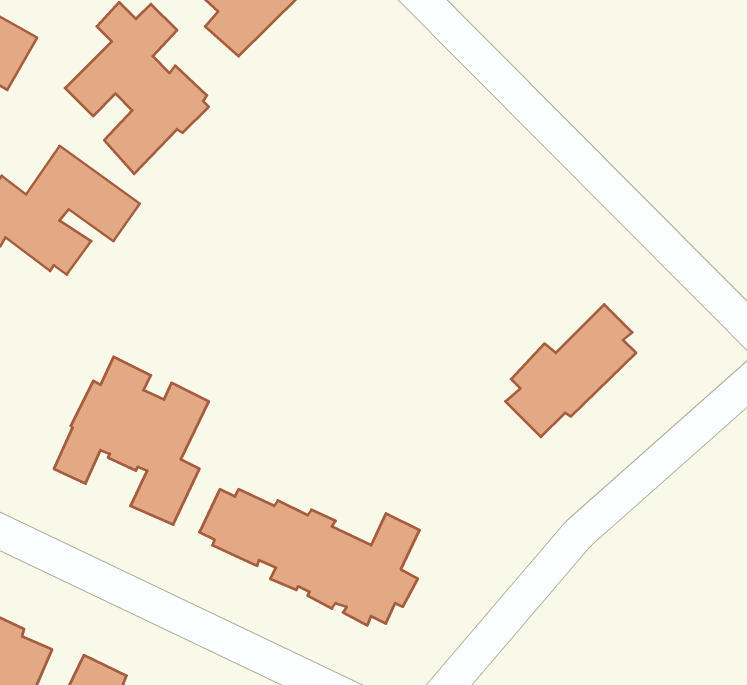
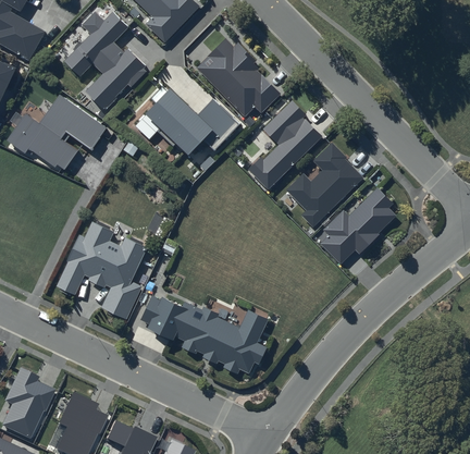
building: none -> [195,38,280,118]
building: none -> [143,86,234,152]
building: none -> [247,100,321,191]
building: none -> [285,143,363,229]

